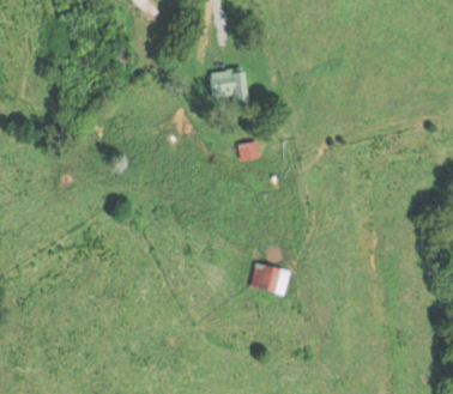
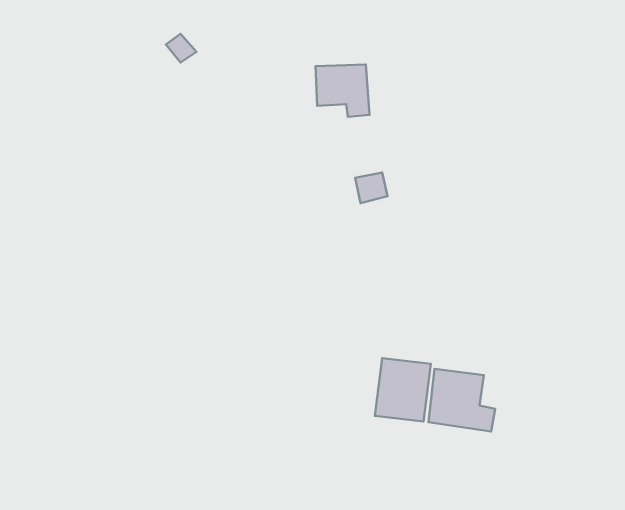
building: none -> [428,369,495,432]

